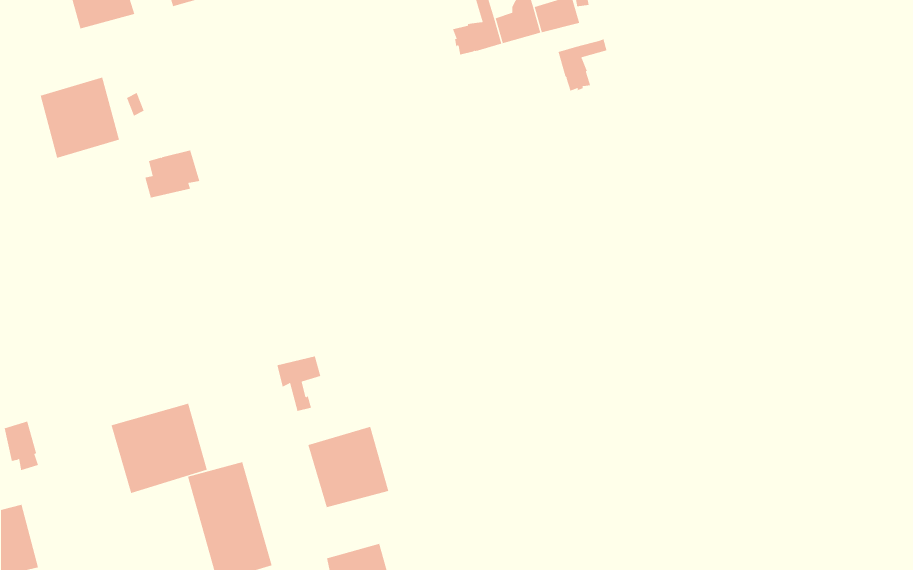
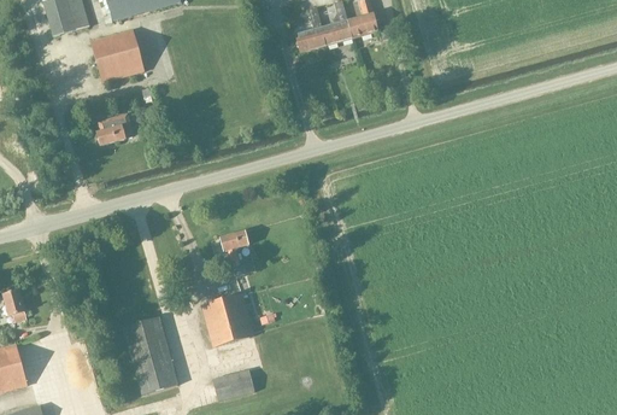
building: [558,39,607,92] -> none
building: [40,77,120,158] -> [92,29,143,82]
building: [277,356,321,412] -> [219,230,248,267]
building: [111,403,207,494] -> none

